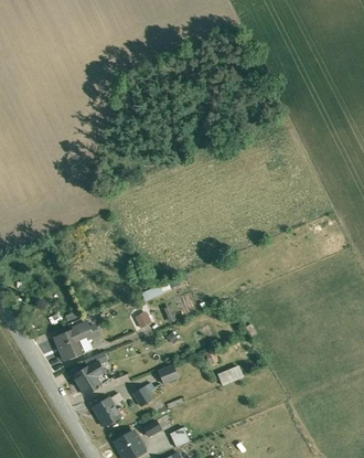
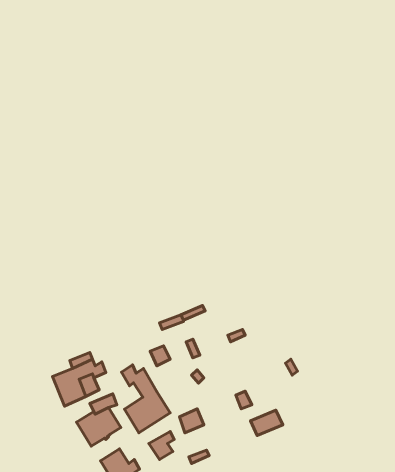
building: none -> [122,365,170,433]

